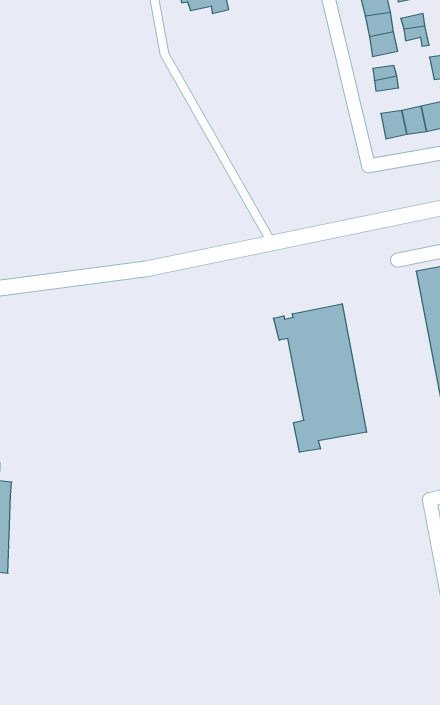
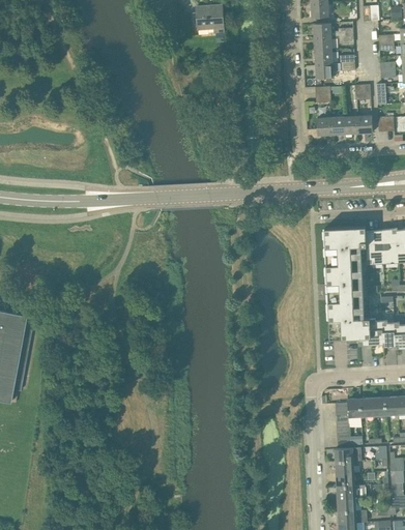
building: [273,304,367,452] -> none

